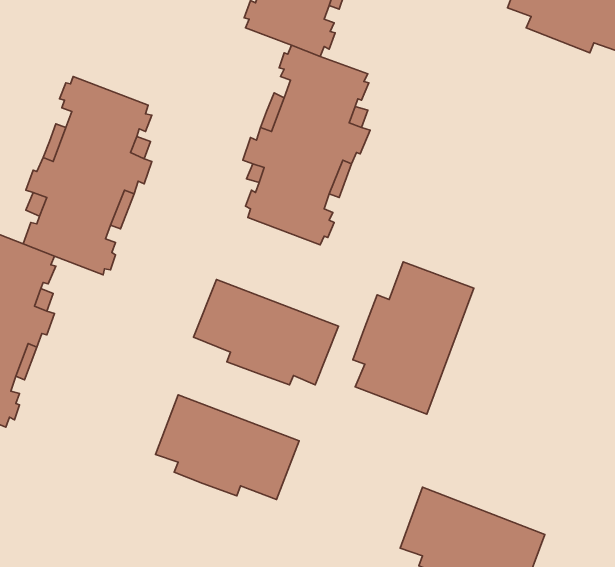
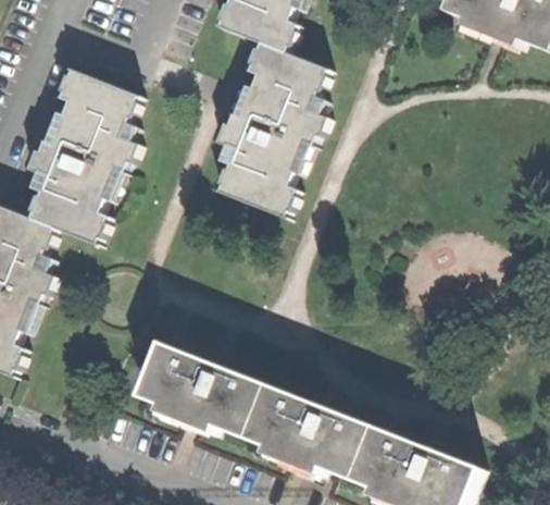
building: [353,262,474,414] -> none
building: [194,280,339,385] -> none
building: none -> [245,385,372,479]

